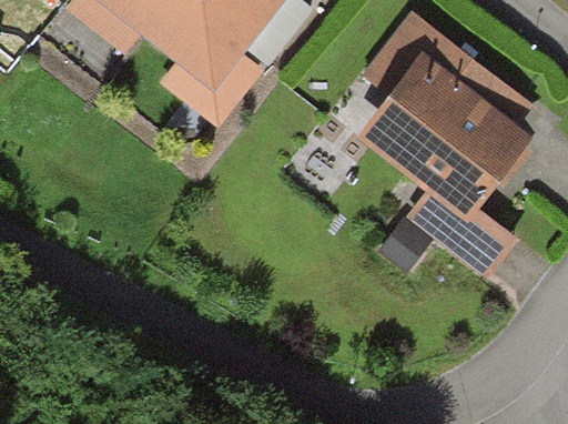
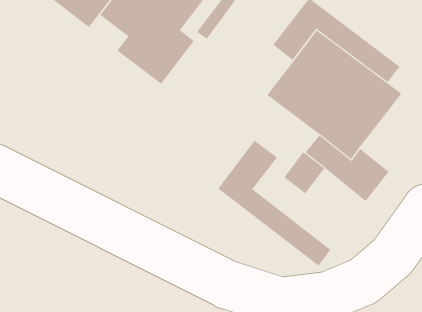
building: none -> [218,140,331,266]

